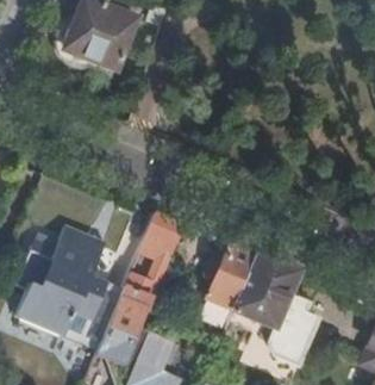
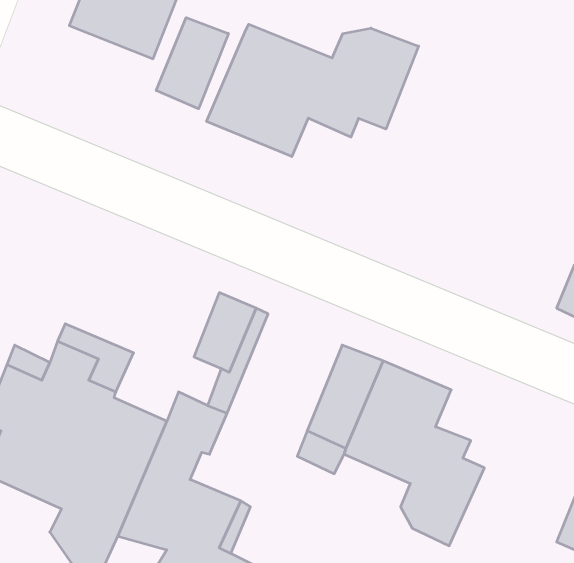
building: none -> [156,18,228,109]
building: none -> [207,24,419,157]

